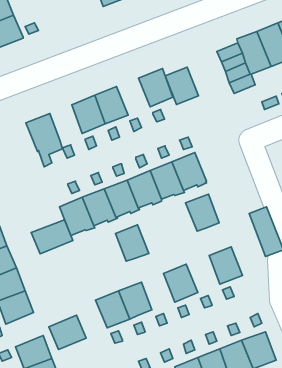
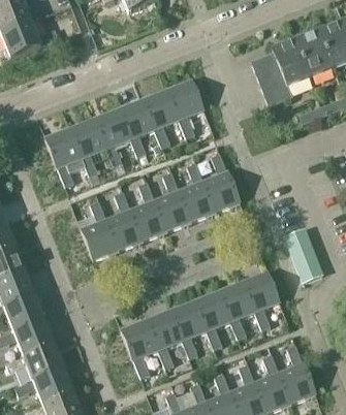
building: [165,67,199,104] -> [143,89,179,129]
building: none -> [70,118,105,157]
building: [186,194,219,231] -> [218,281,254,321]
building: [31,220,73,254] -> none
building: [116,225,149,261] -> [169,300,206,340]
building: [49,315,86,350] -> [23,343,63,380]

